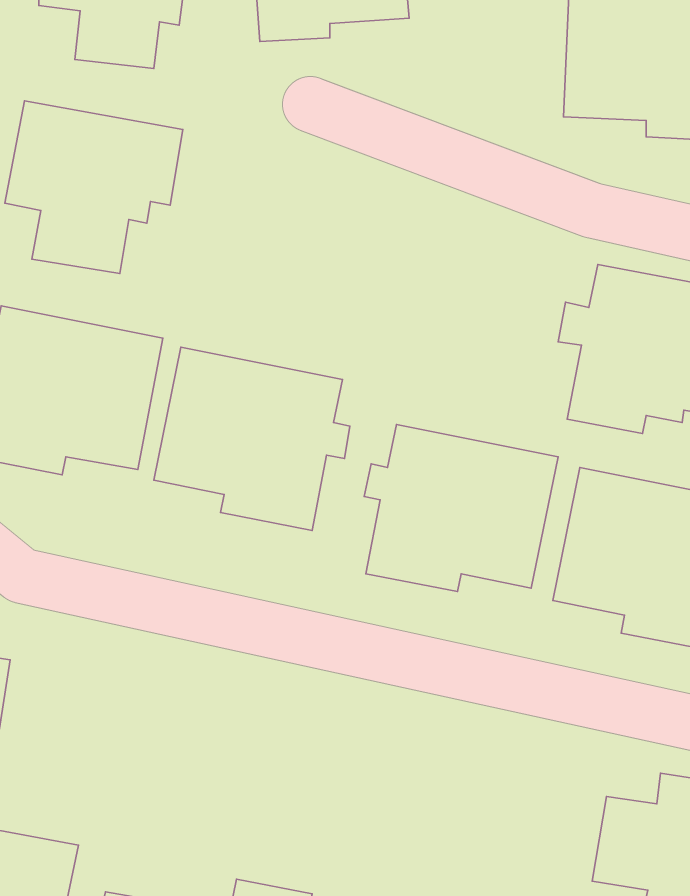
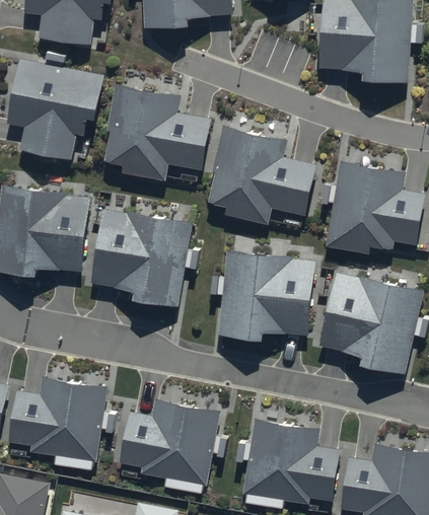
building: none -> [103,83,209,180]
building: none -> [206,125,316,222]
building: none -> [9,375,117,469]
building: none -> [118,399,226,493]
building: none -> [236,418,342,507]

